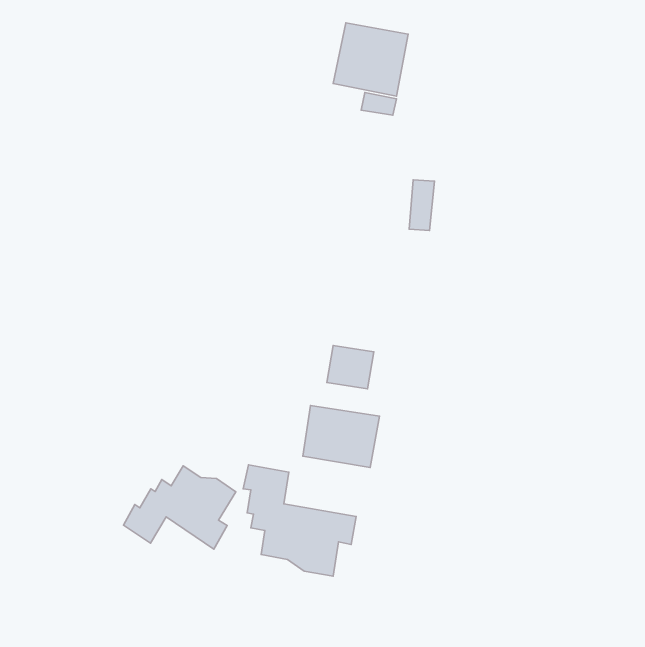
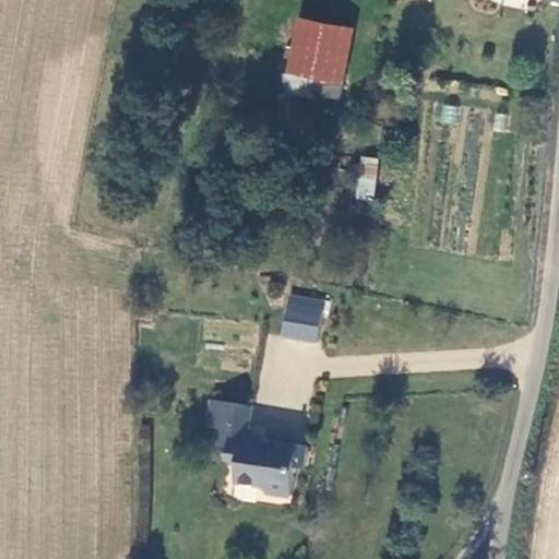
building: [303,405,379,468] -> none
building: [124,466,236,549] -> none

